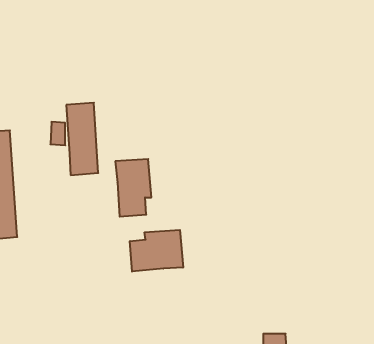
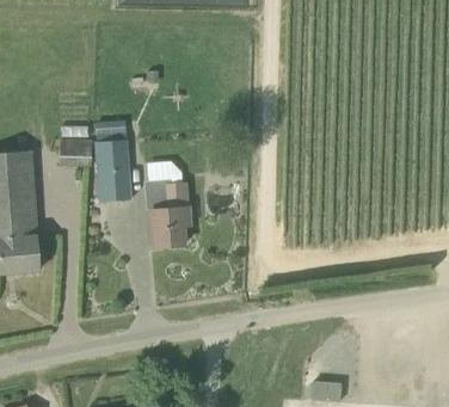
building: [130,230,183,272] -> none

